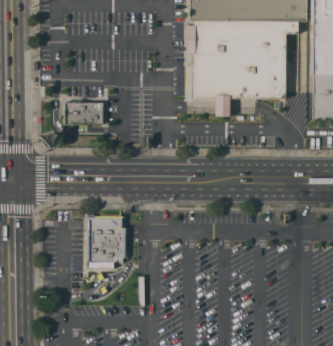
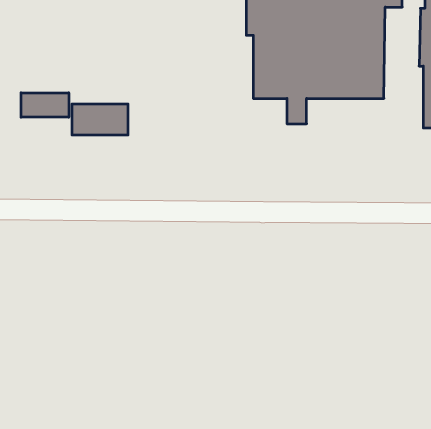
building: none -> [21,93,69,117]
building: [84,214,129,268] -> none

